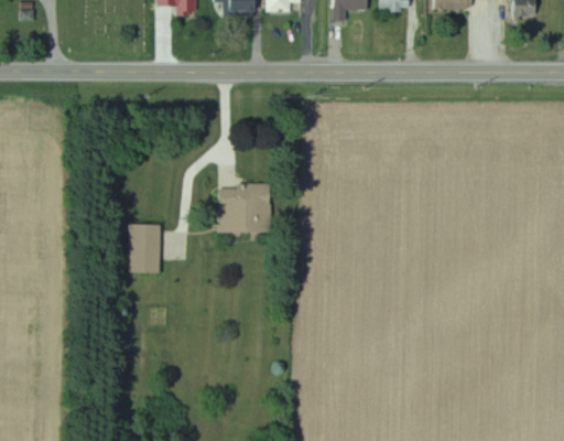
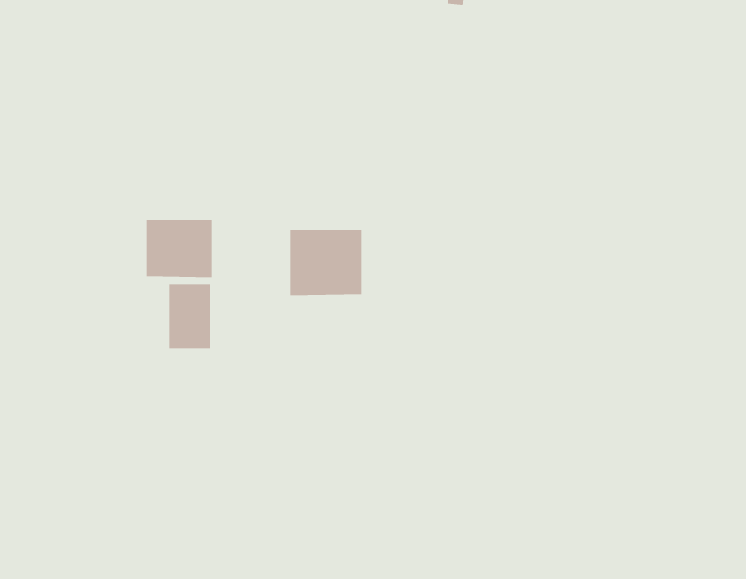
building: none -> [146,219,212,278]

